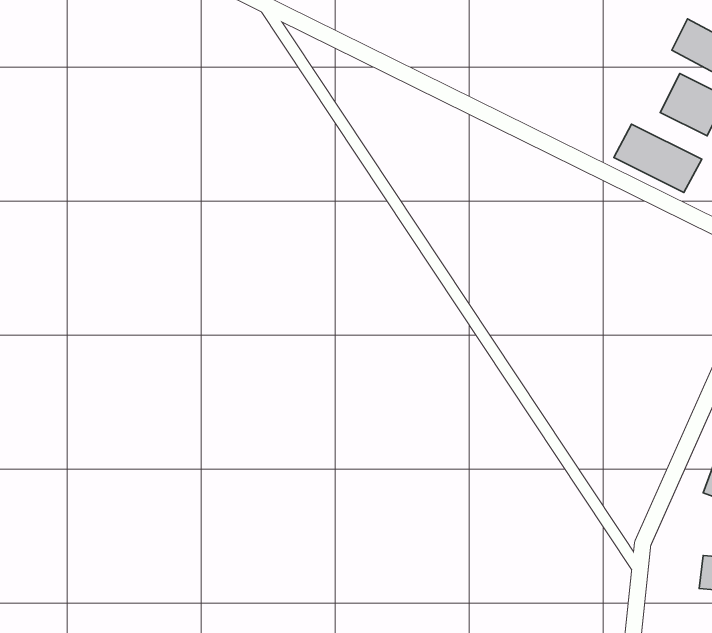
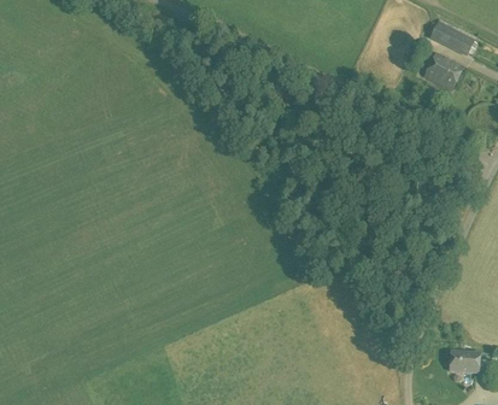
building: [614,124,702,193] -> none

